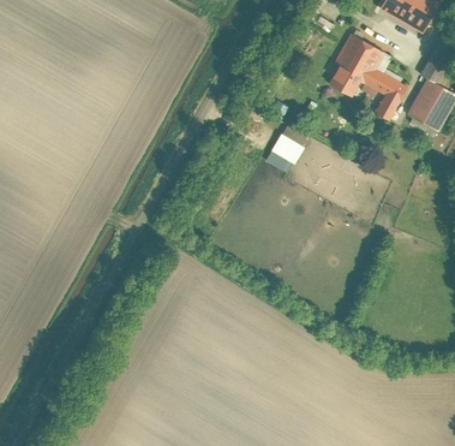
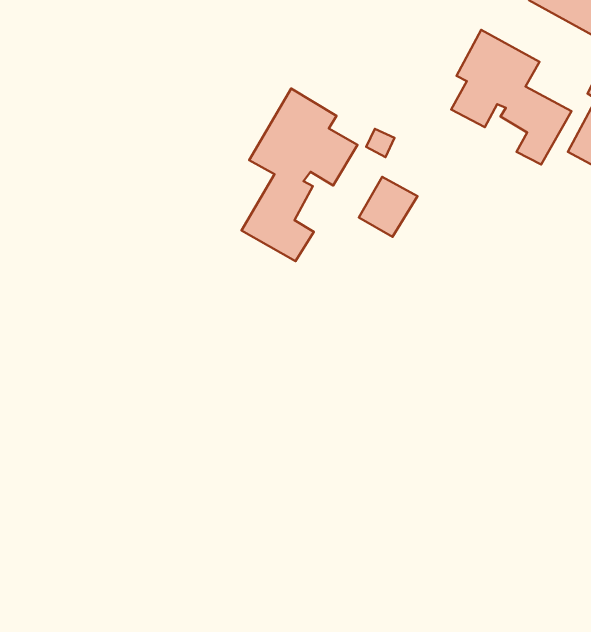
building: none -> [242,88,358,261]

